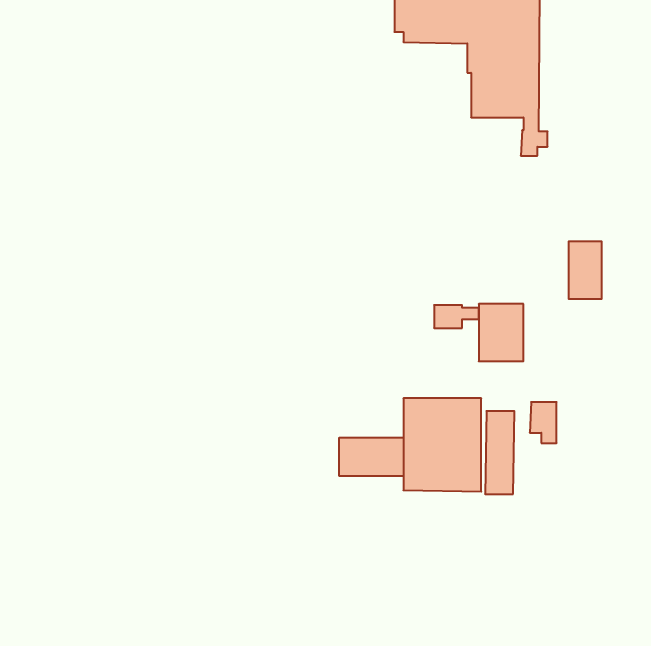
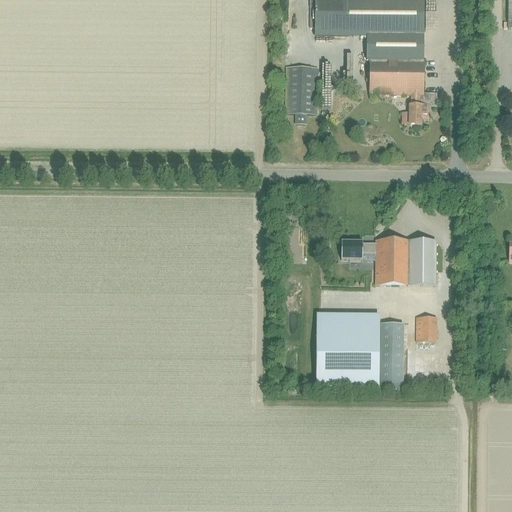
building: none -> [285,64,319,122]
building: [569,241,602,299] -> [411,238,437,283]
building: [339,438,403,476] -> none

